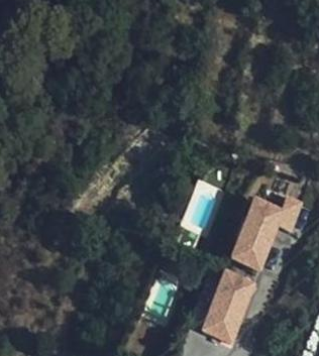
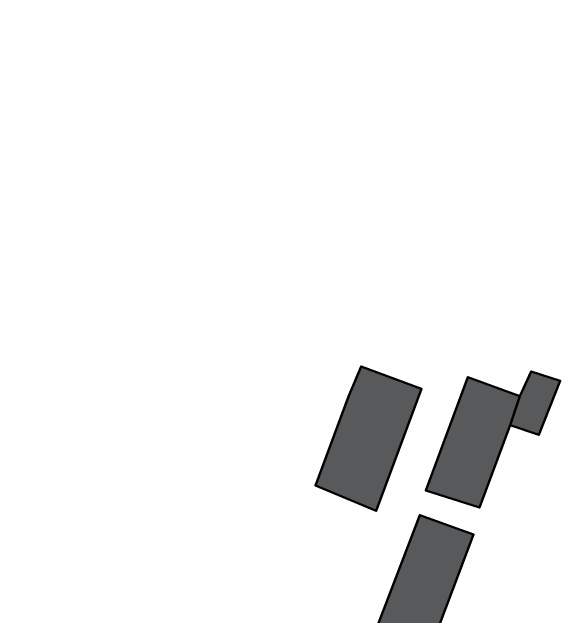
building: none -> [316,366,421,511]

